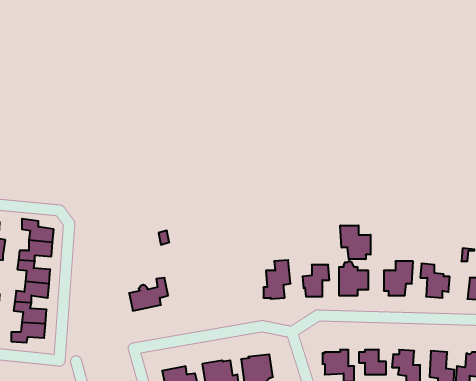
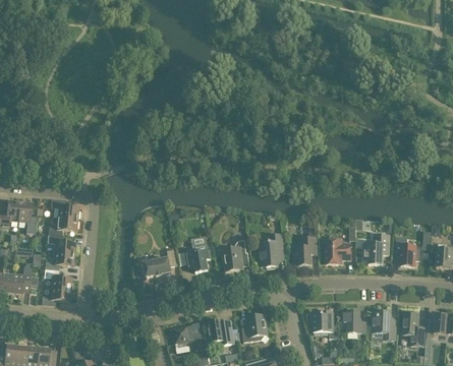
building: [340,225,371,259] -> none
building: none -> [222,239,248,269]
building: none -> [183,243,209,271]

